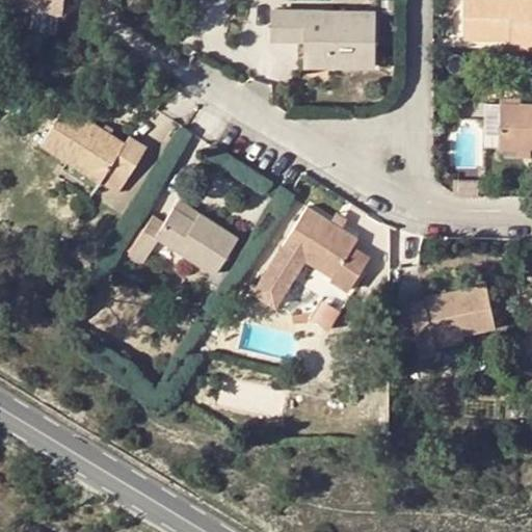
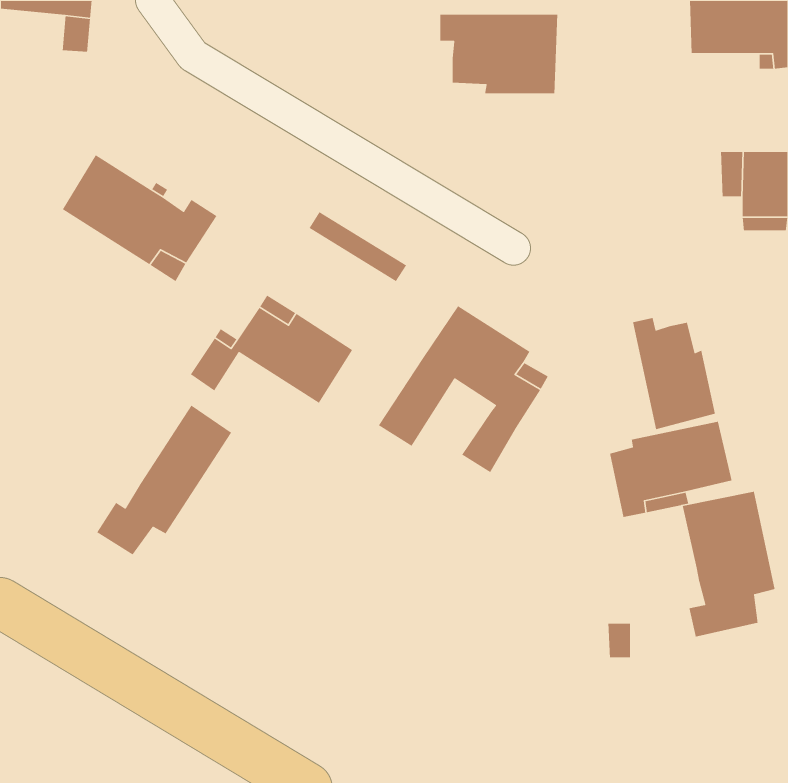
building: [272,11,305,43] -> none
building: none -> [632,317,716,430]
building: none -> [96,404,232,556]
building: none -> [682,491,776,637]

